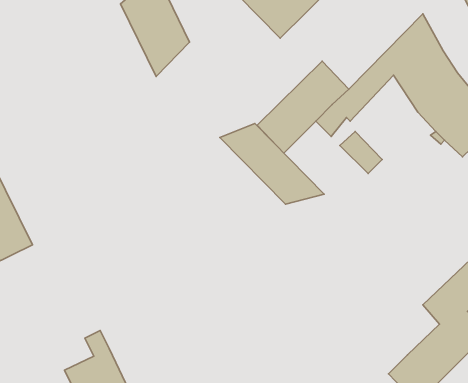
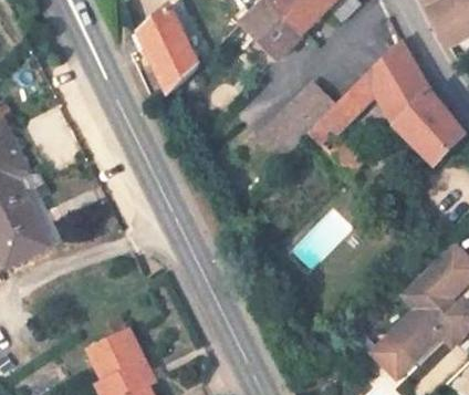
building: [220,123,324,204] -> none

